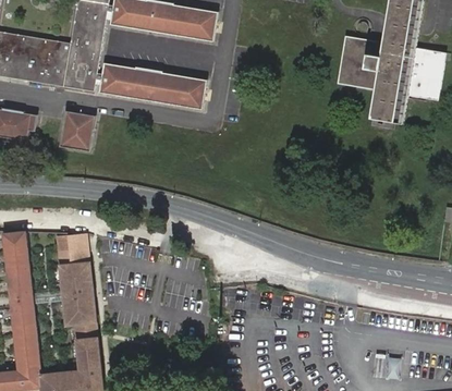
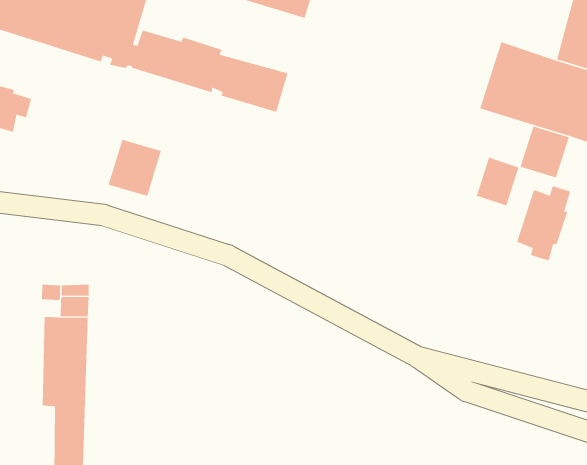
building: [54,114,88,151] -> [108,139,162,197]
building: none -> [476,157,520,207]
building: none -> [516,185,571,261]

